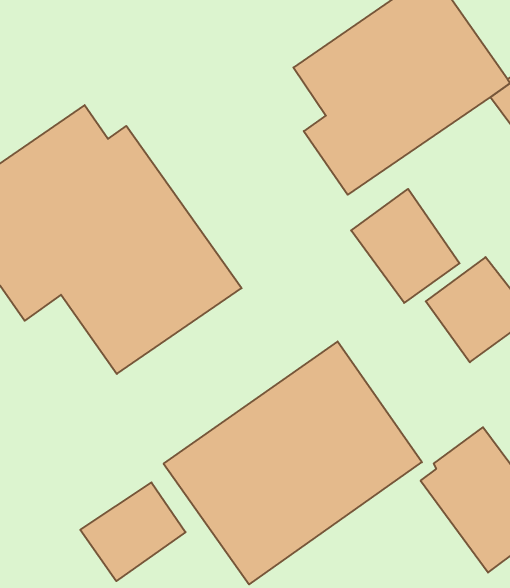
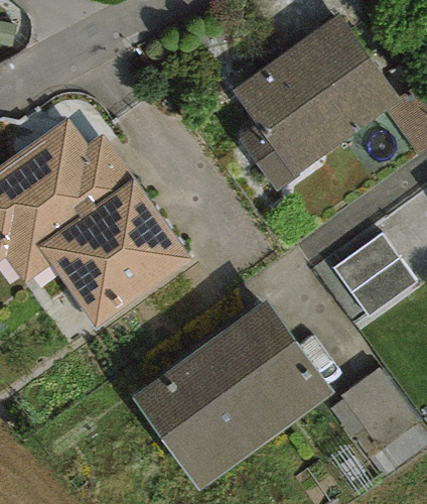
building: [351,189,460,303] -> none
building: [80,482,186,581] -> none

